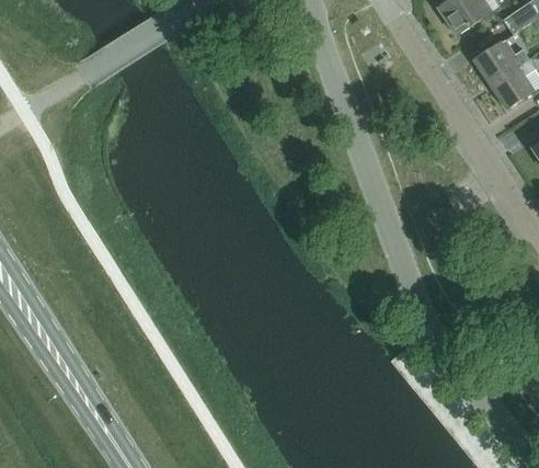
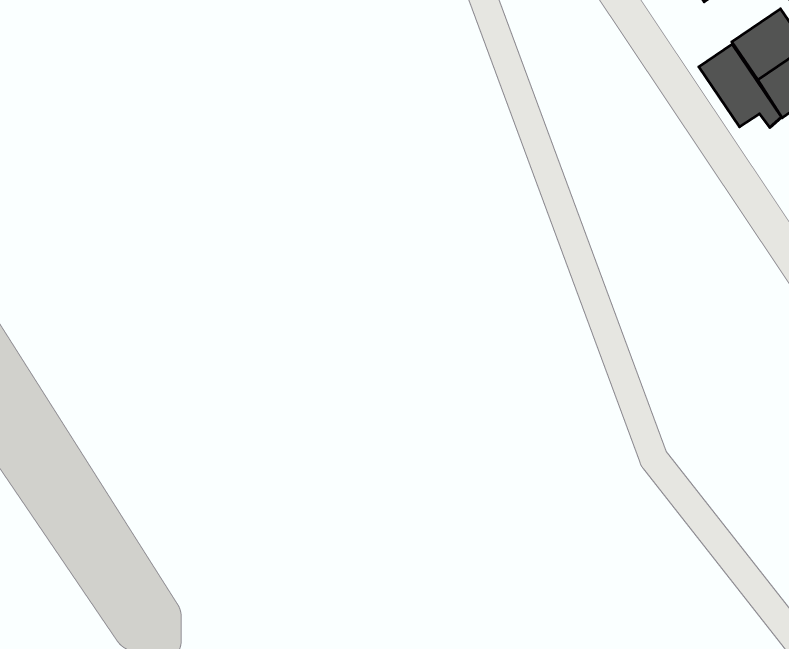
building: none -> [699,44,782,127]

